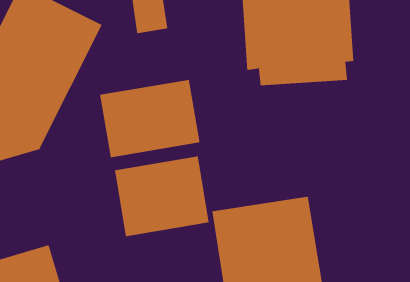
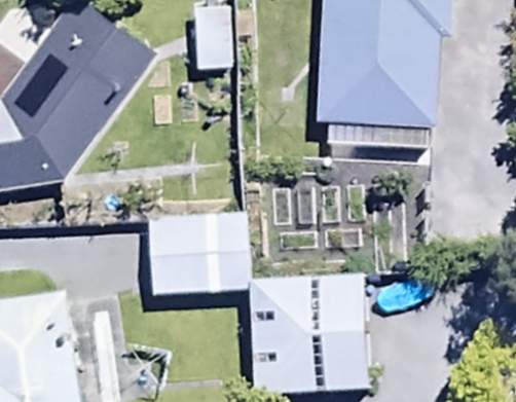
building: [99,79,200,158] -> none

